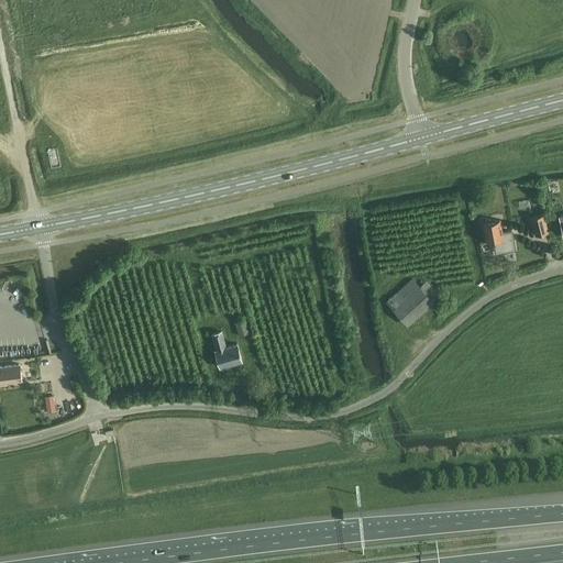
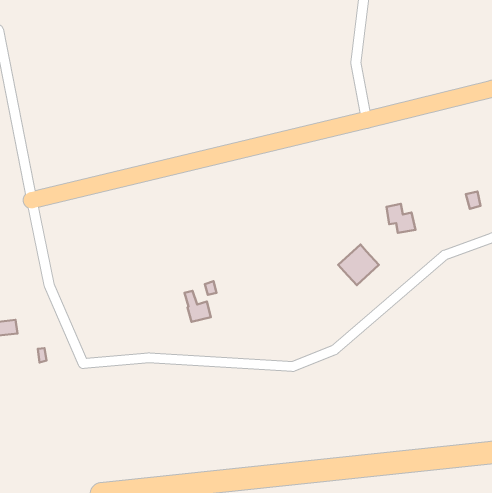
building: [481,220,514,253] -> [386,204,415,233]

